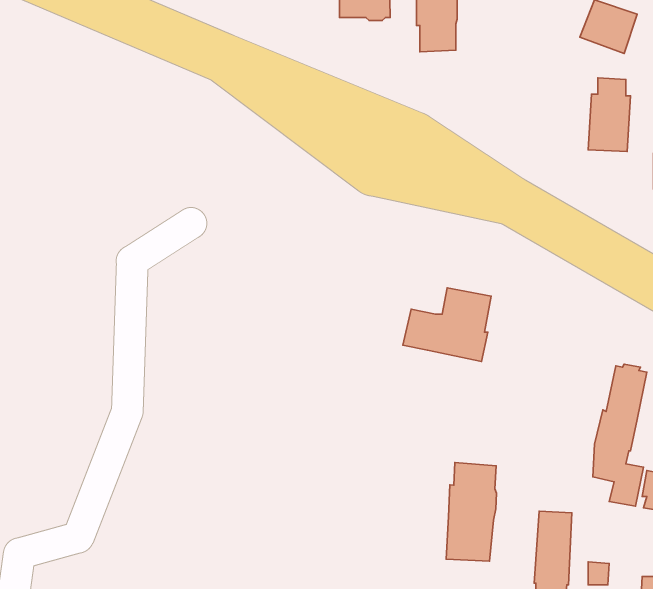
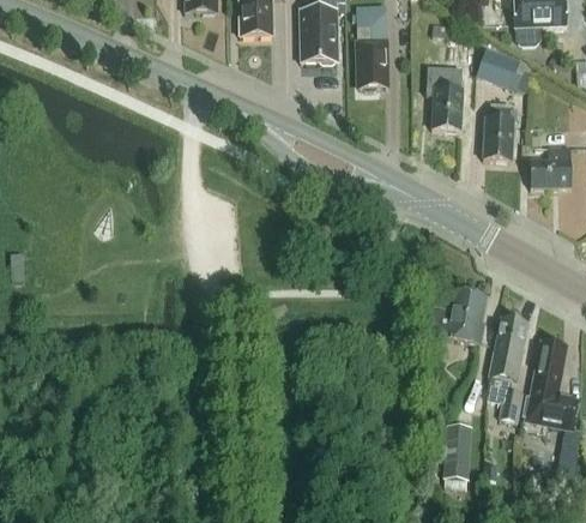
building: none -> [433,76,463,130]
building: [403,288,491,361] -> [422,289,487,343]
building: [446,462,497,561] -> none

